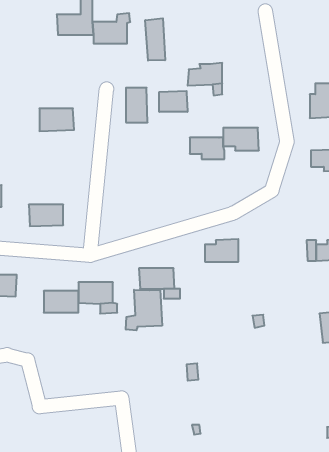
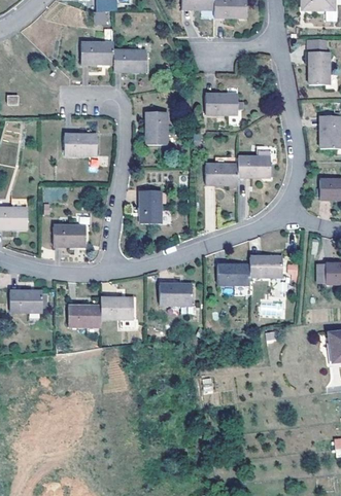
building: none -> [305,40,330,84]
building: [145,18,165,61] -> none
building: [159,91,187,112] -> none
building: none -> [139,192,169,226]
building: none -> [252,252,284,274]
building: [126,290,162,330] -> none

